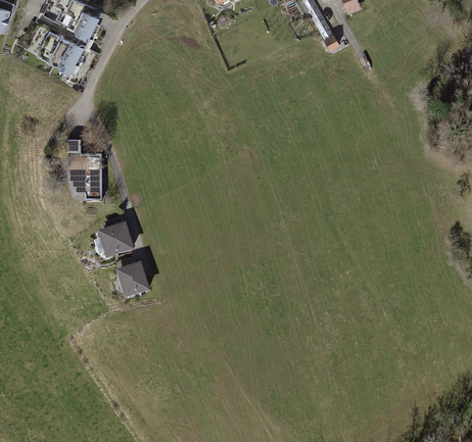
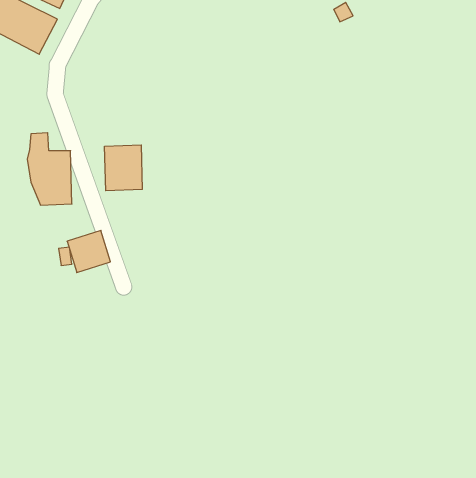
building: none -> [105,145,142,191]
building: [112,264,147,301] -> none

